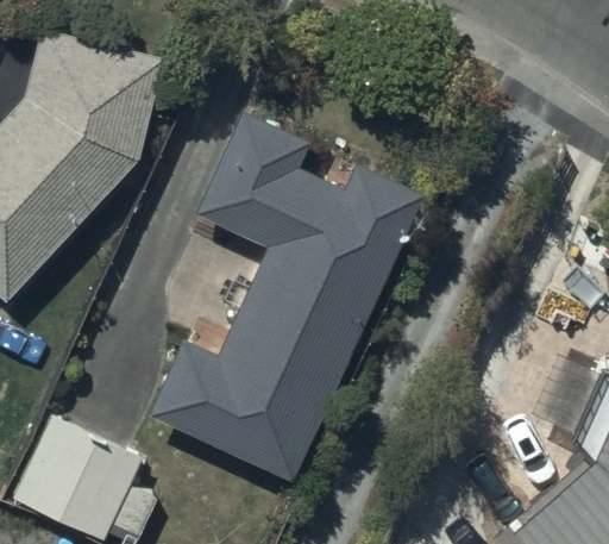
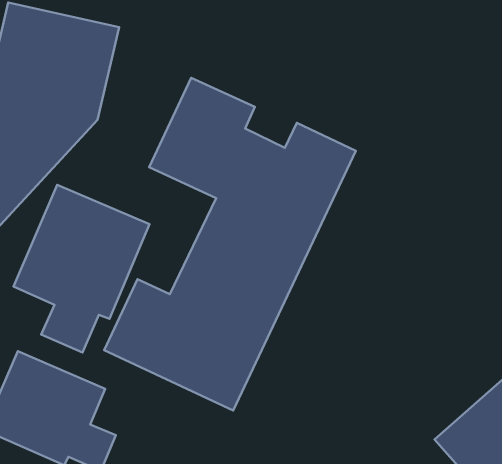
building: none -> [13,185,150,353]

